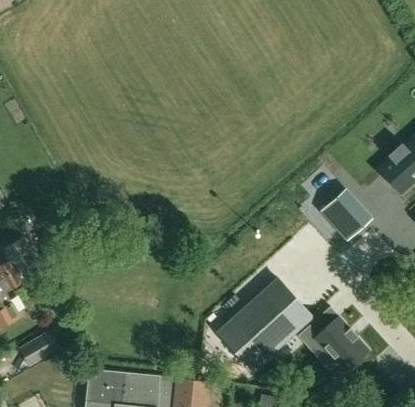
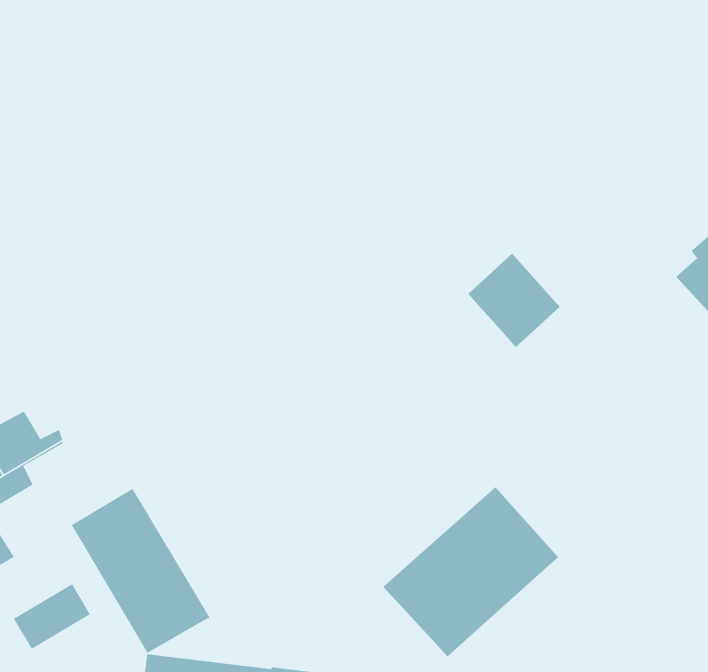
building: [322,189,372,240] -> [468,253,560,348]
building: none -> [71,488,210,654]
building: [303,318,368,371] -> none

